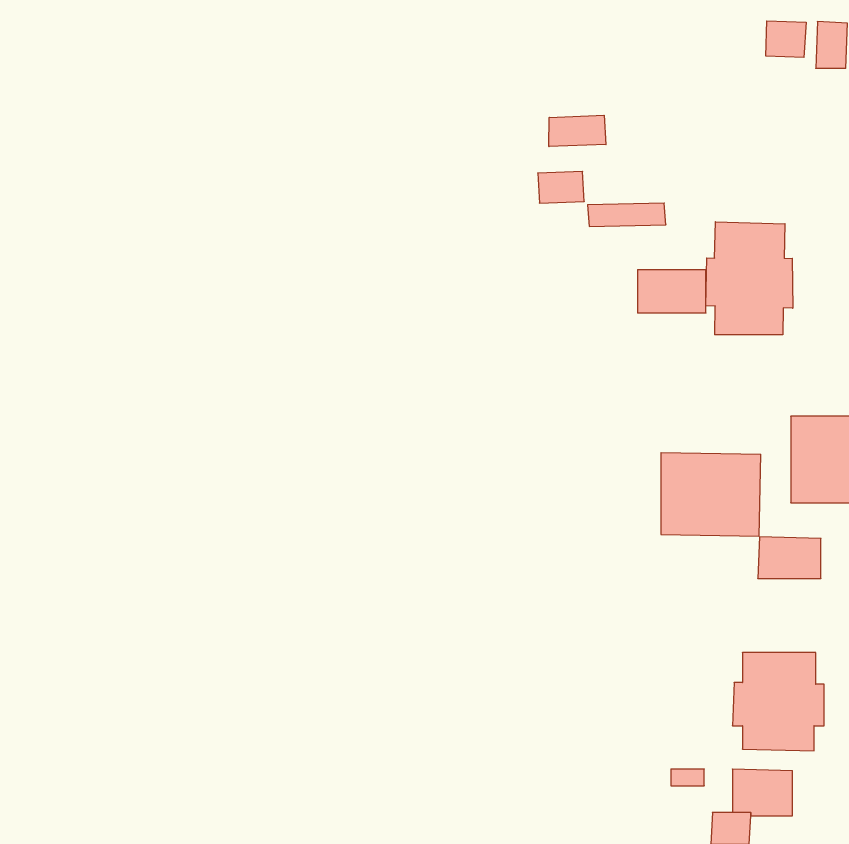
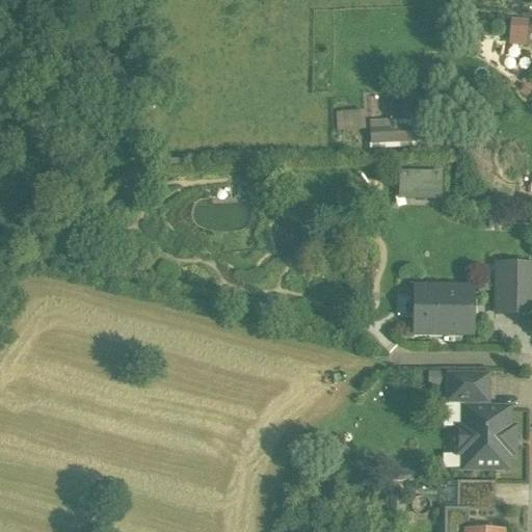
building: [766,21,806,57] -> none
building: [549,115,606,147] -> none
building: [706,222,793,335] -> none
building: [758,537,821,578] -> [449,374,488,400]

